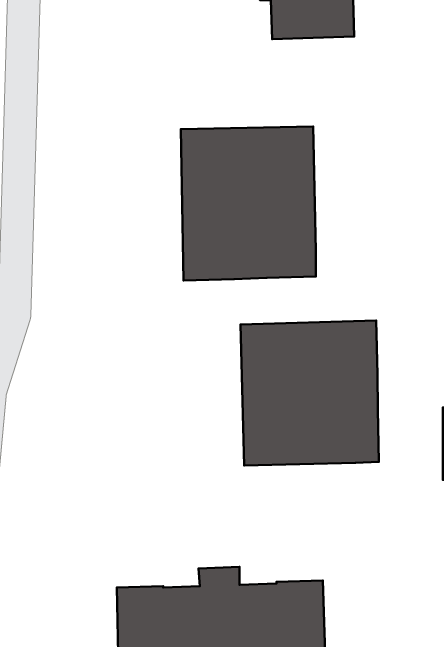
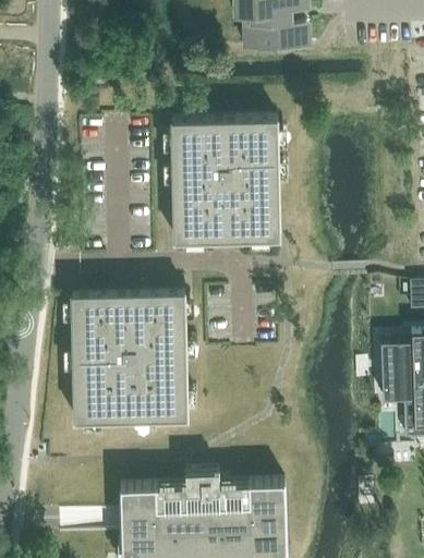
building: [240,321,379,466] -> none
building: none -> [71,292,186,423]

